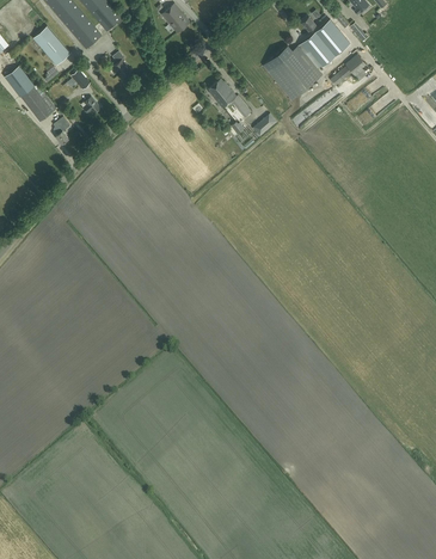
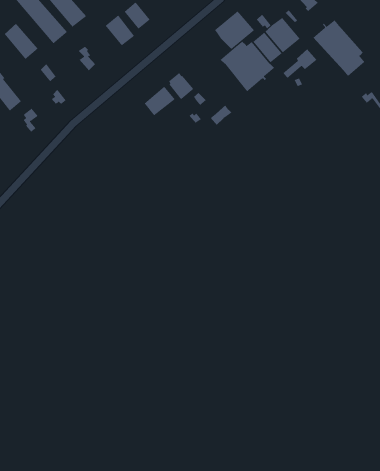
building: none -> [214,10,255,50]
building: none -> [105,15,135,46]
building: none -> [312,19,365,77]
building: none -> [144,86,176,116]

